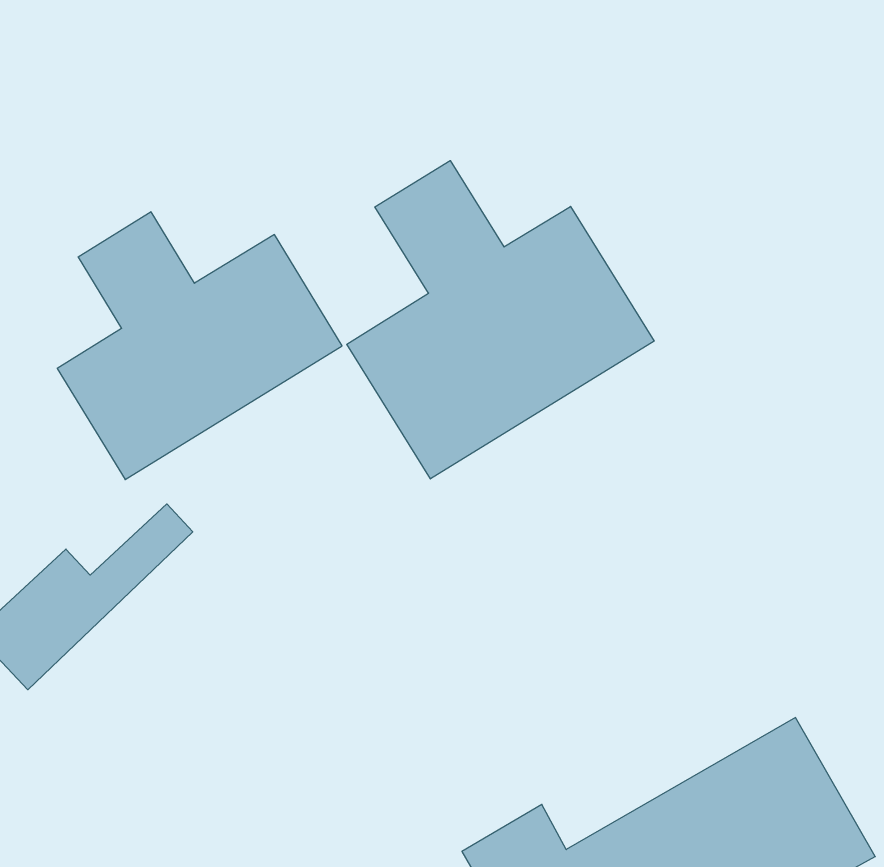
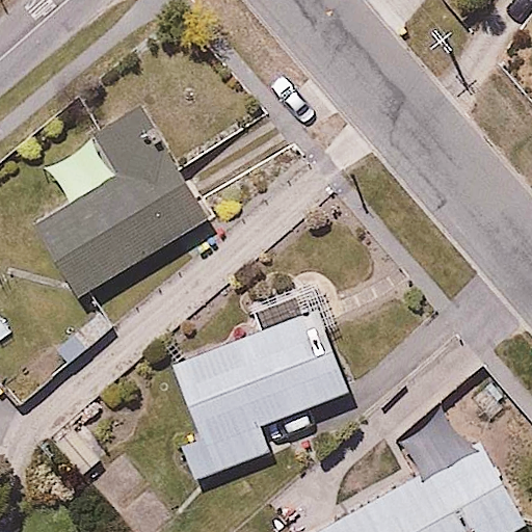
building: [347,161,654,479] -> none
building: none -> [174,294,349,494]

